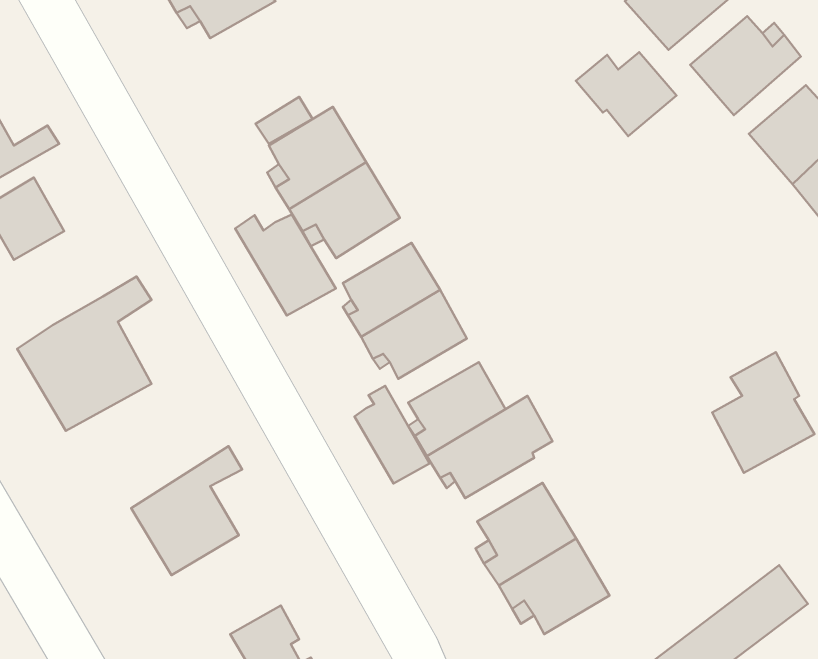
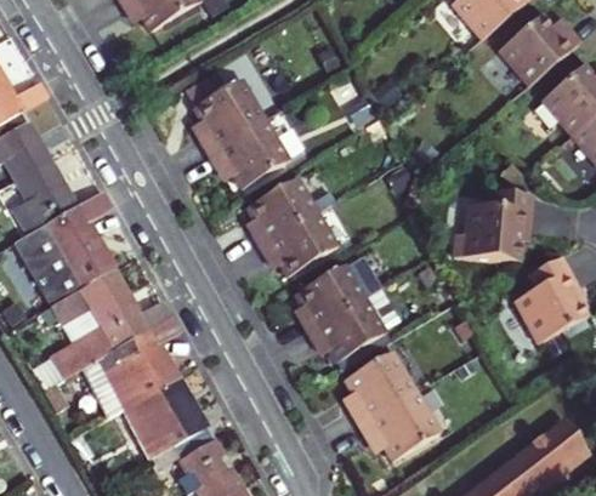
building: [576,52,677,136] -> none
building: [235,214,336,315] -> none
building: none -> [11,169,75,236]
building: none -> [455,190,533,261]
building: none -> [46,279,166,388]
building: [354,386,430,484] -> none
building: none -> [125,388,204,468]

